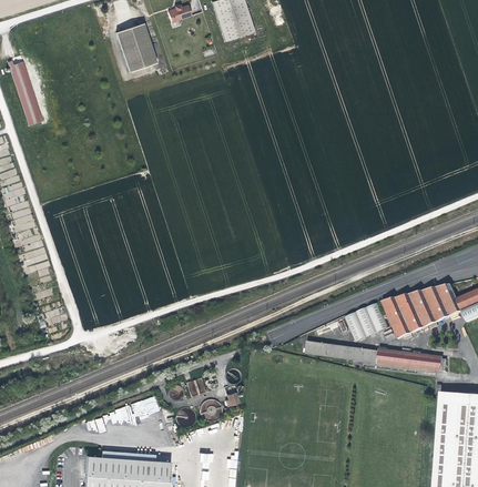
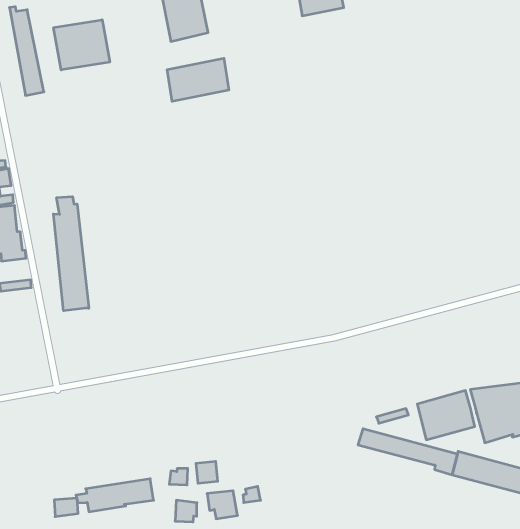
building: none -> [54,20,110,70]
building: none -> [167,58,229,101]
building: none -> [53,197,89,311]

